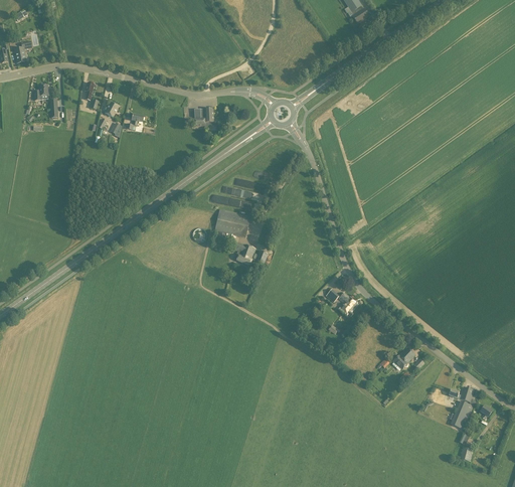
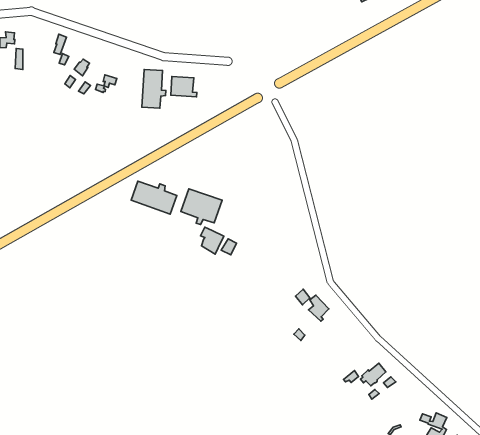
building: none -> [142,69,166,108]
building: none -> [131,181,177,214]

